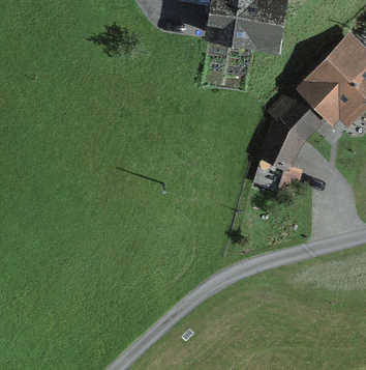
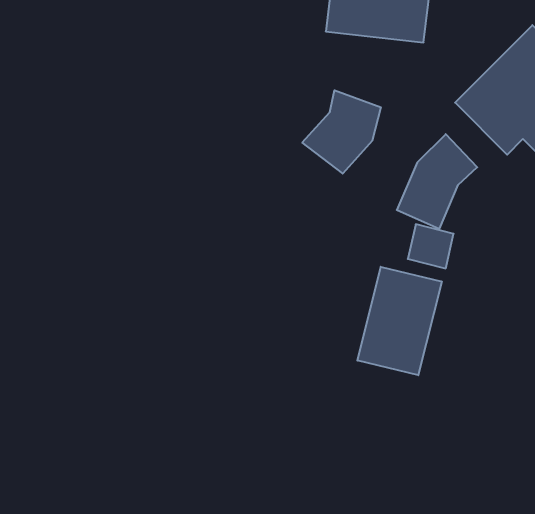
building: none -> [302,90,381,174]
building: none -> [357,267,442,375]

